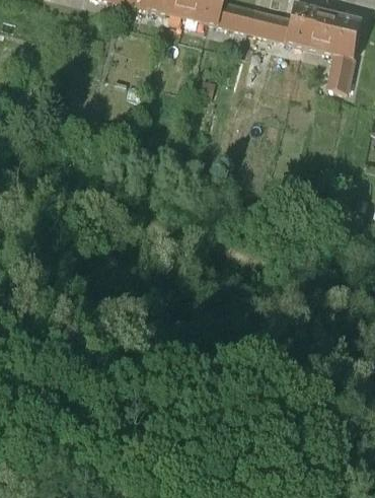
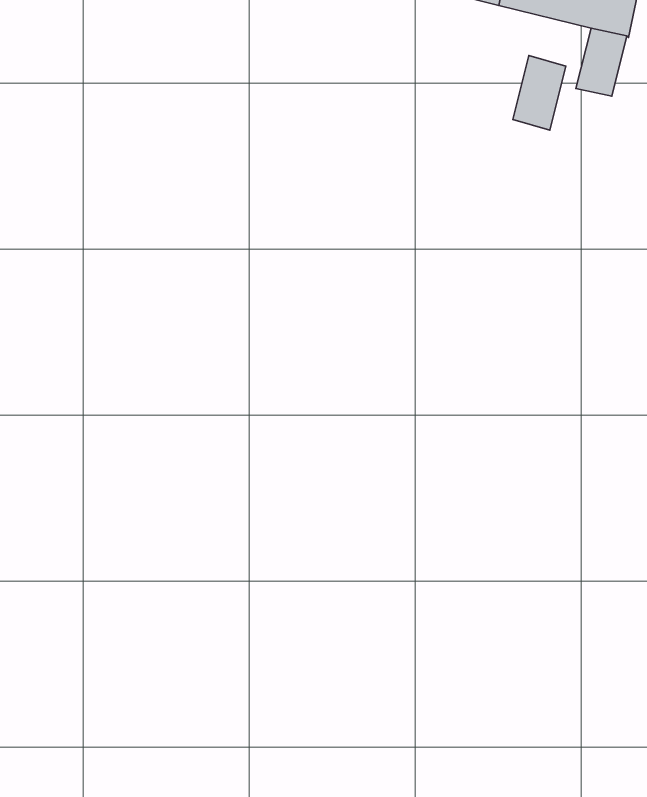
building: none -> [513,56,566,130]

